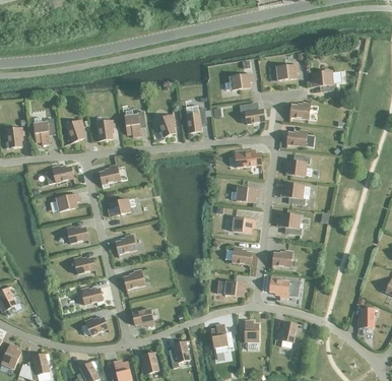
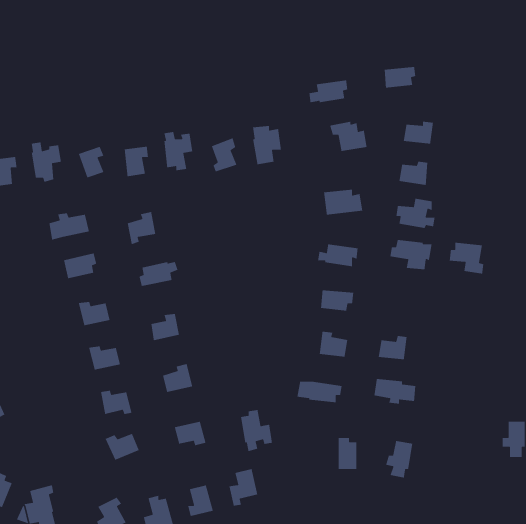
building: [310,70,335,90] -> none
building: [276,212,301,235] -> [449,242,484,274]
building: [210,323,233,353] -> [240,409,273,452]

